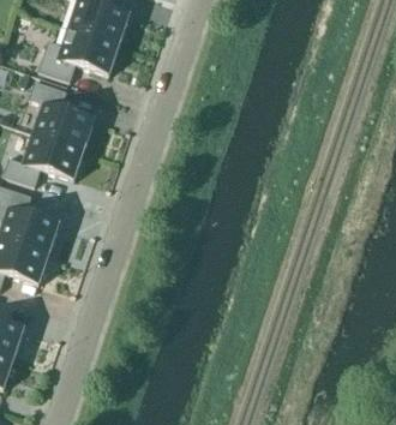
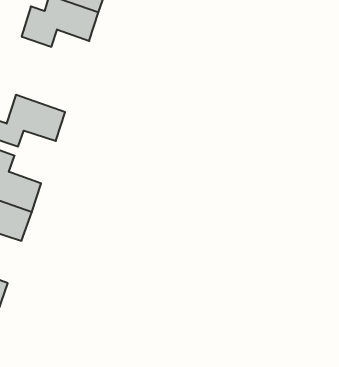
building: [28,80,94,150] -> none

